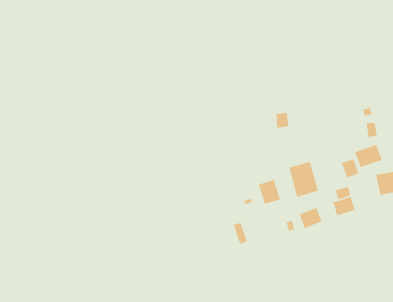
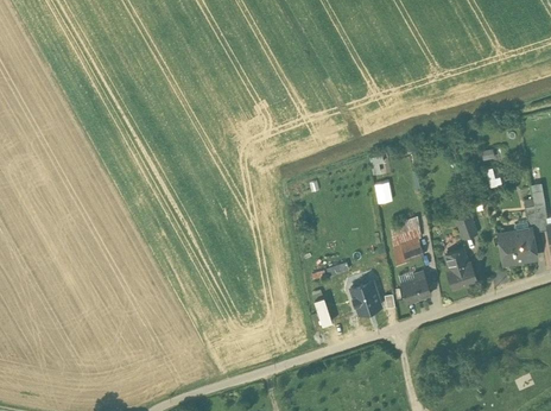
building: [354,144,383,168] -> none
building: [258,179,281,205] -> [349,280,379,314]

